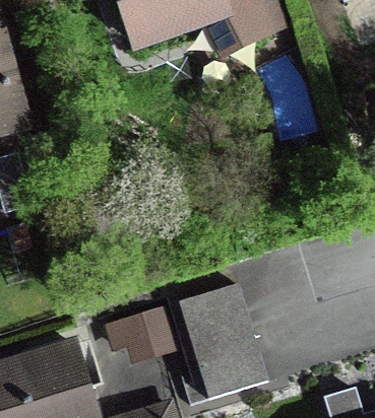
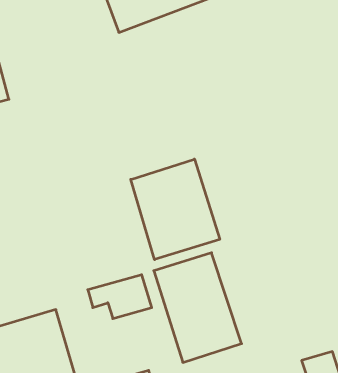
building: none -> [131,159,220,260]

